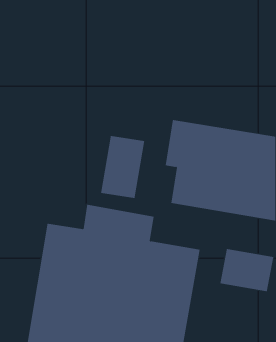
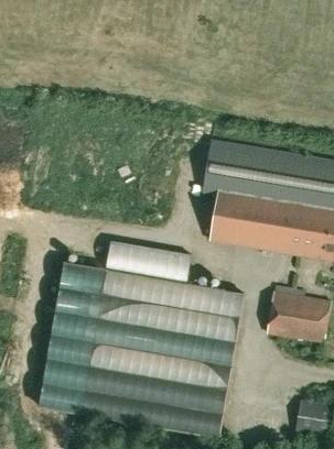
building: [101,135,145,199] -> none

